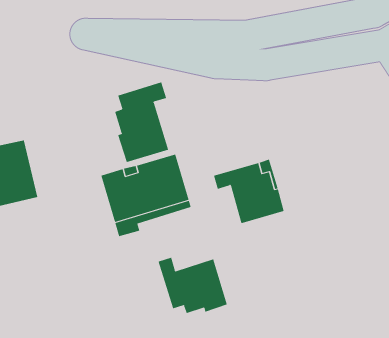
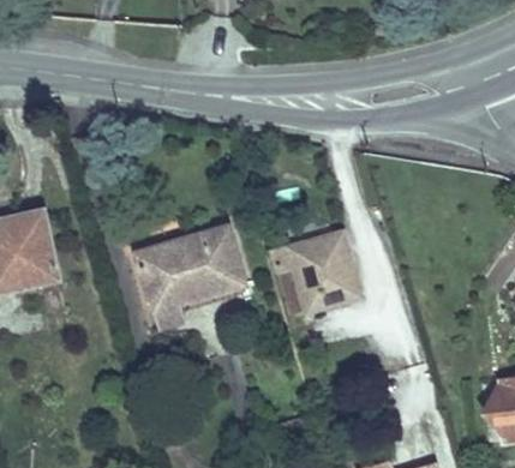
building: [114,81,169,163] -> none
building: [158,257,227,314] -> none

